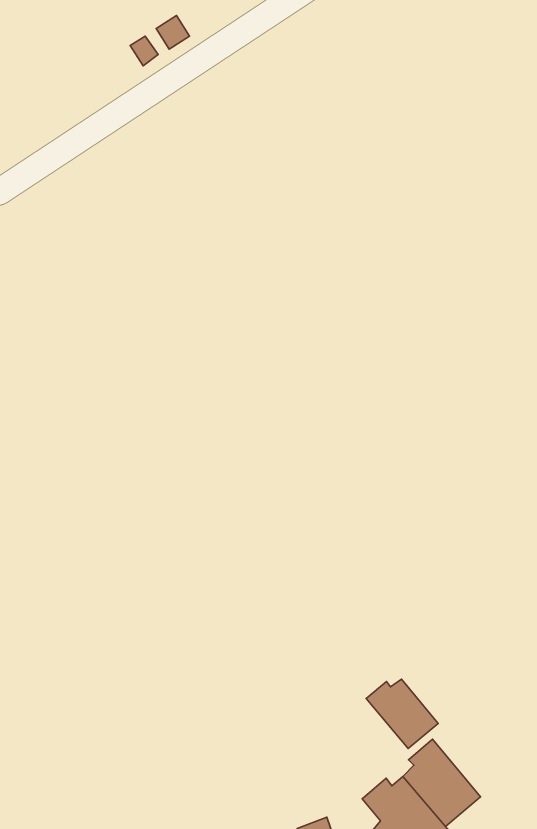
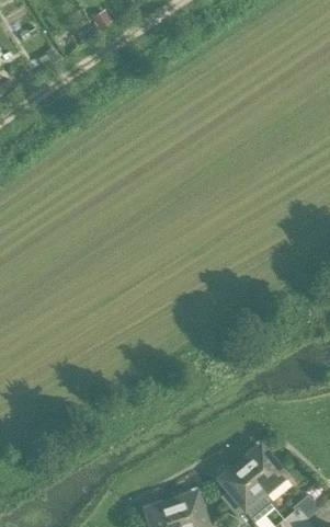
building: [366,679,438,748] -> none

